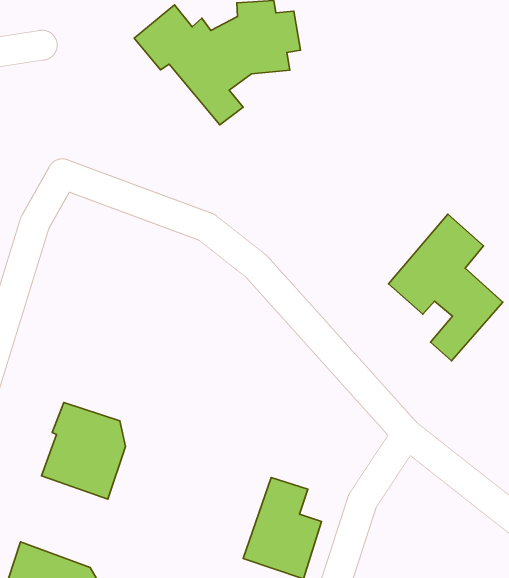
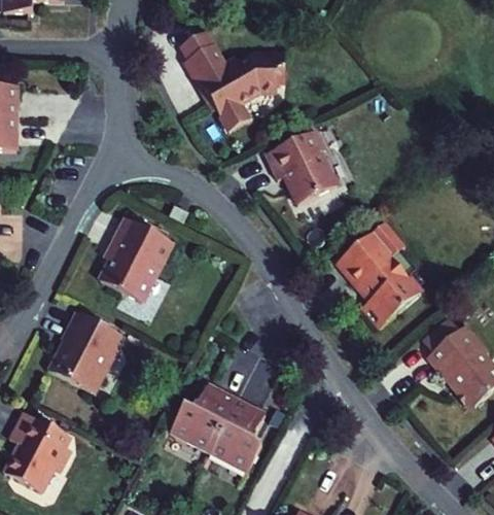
building: none -> [261,128,333,202]
building: none -> [95,211,174,316]
building: none -> [153,383,222,452]

